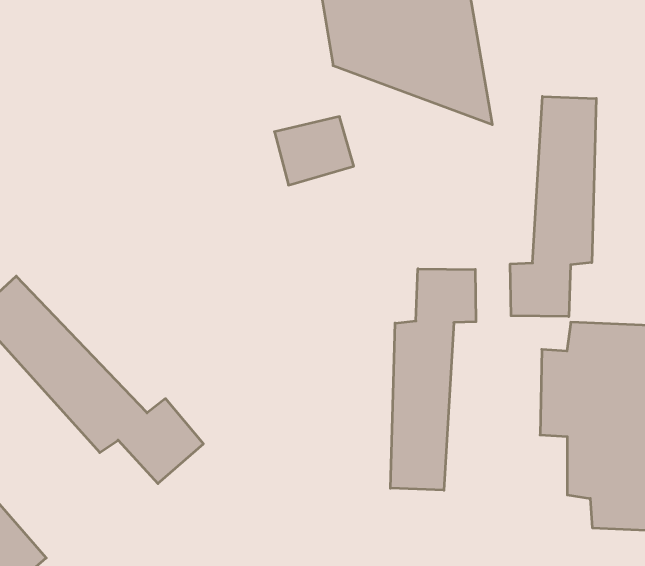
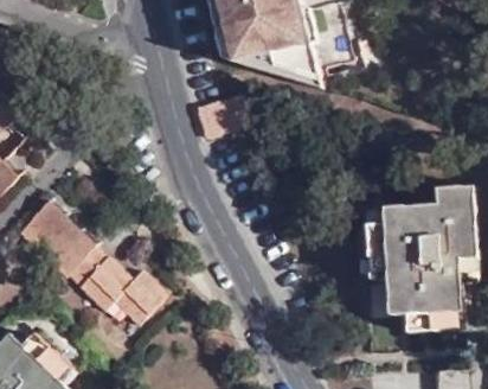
building: [510,96,596,317] -> none
building: [390,269,476,490] -> none

